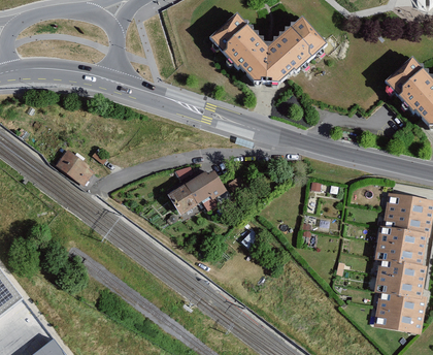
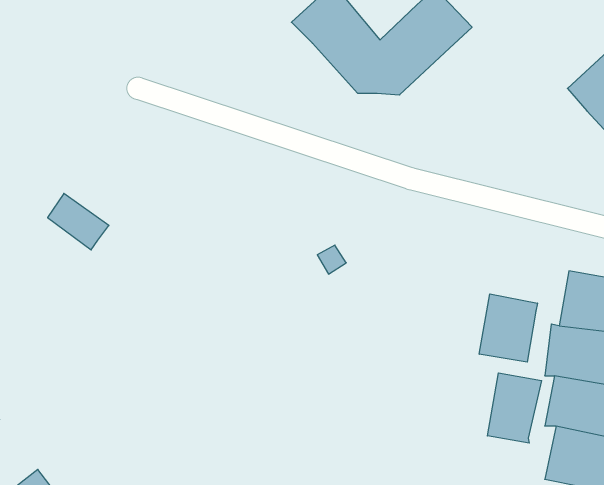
building: [165,175,225,223] -> none
building: none -> [479,294,537,362]
building: none -> [487,373,542,443]

